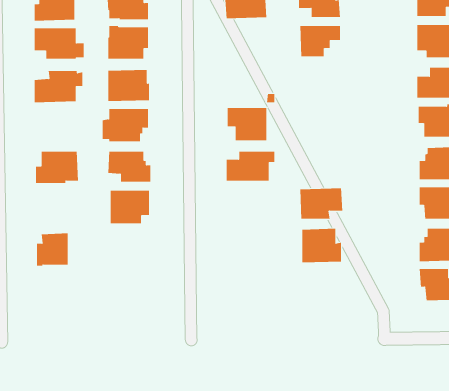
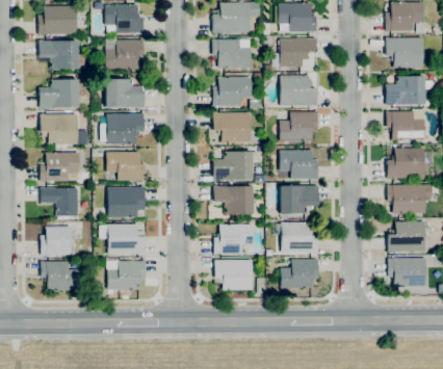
building: none -> [213,38,252,71]
building: none -> [280,75,317,105]
building: none -> [213,77,252,106]
building: none -> [280,111,318,140]
building: none -> [41,114,78,144]
building: none -> [280,150,318,179]
building: none -> [214,186,253,214]
building: none -> [41,187,78,216]
building: none -> [100,223,146,254]
building: none -> [206,225,253,254]
building: none -> [281,259,319,288]
building: none -> [107,260,147,299]
building: none -> [215,260,252,290]
building: none -> [42,261,81,290]

